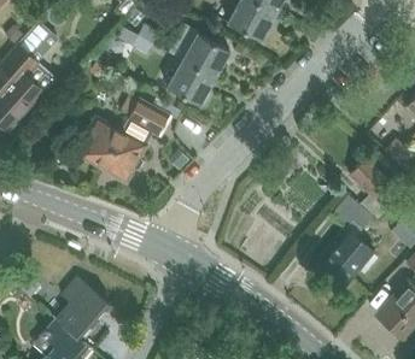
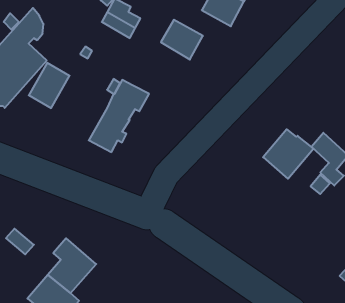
building: [166,59,215,106] -> none
building: [76,118,122,169] -> [29,63,70,108]
building: [318,230,375,286] -> [263,129,314,179]

